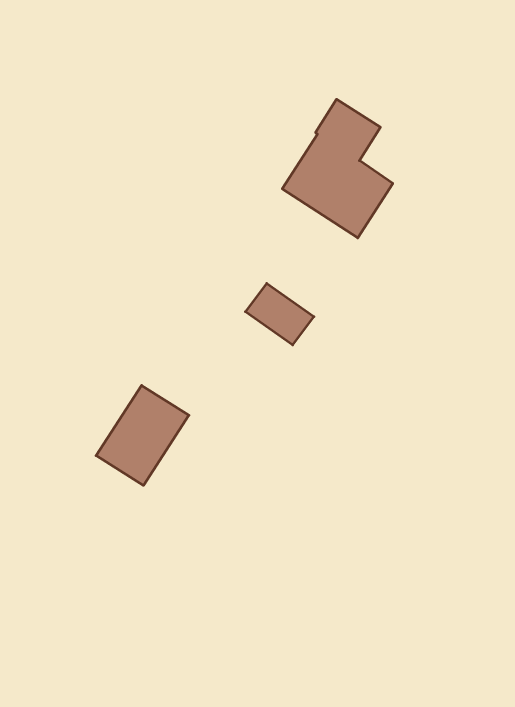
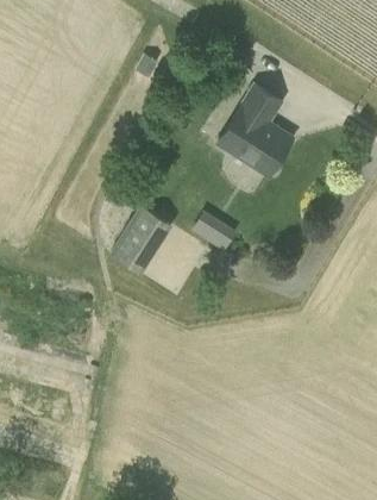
building: [96,385,189,485] -> [108,207,171,275]

